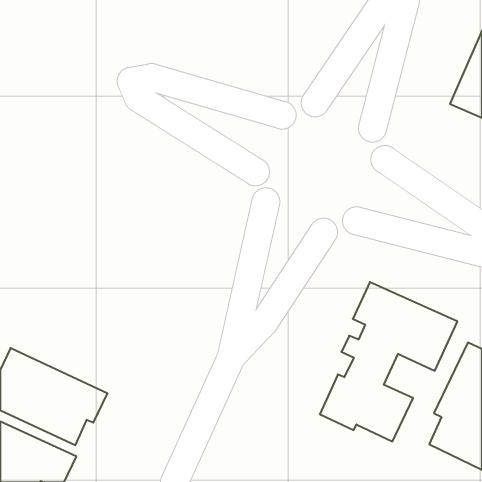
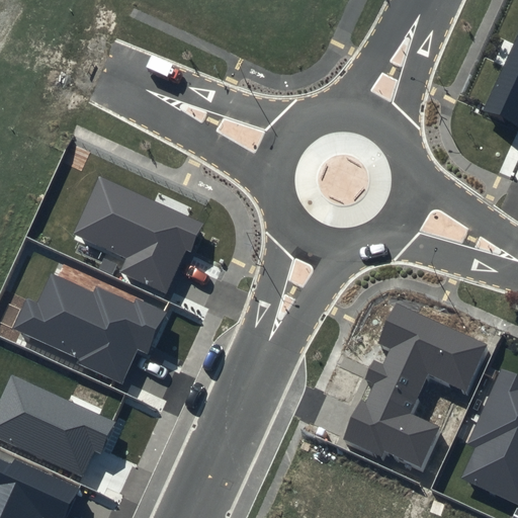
building: none -> [73,176,204,292]
building: none -> [12,273,167,384]

